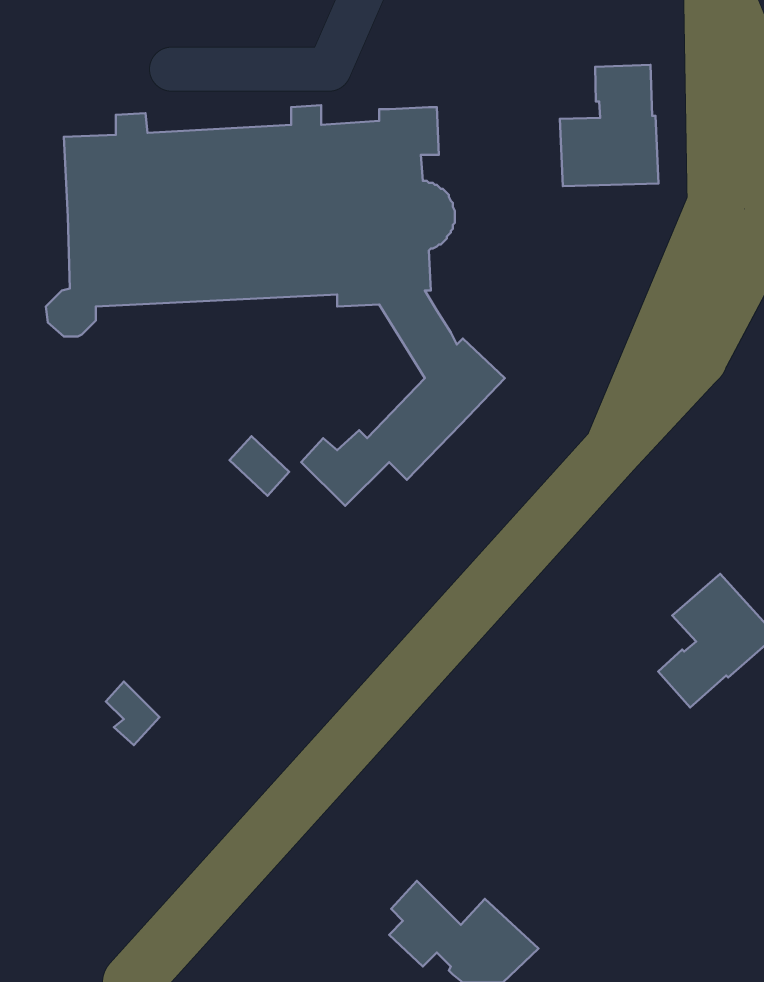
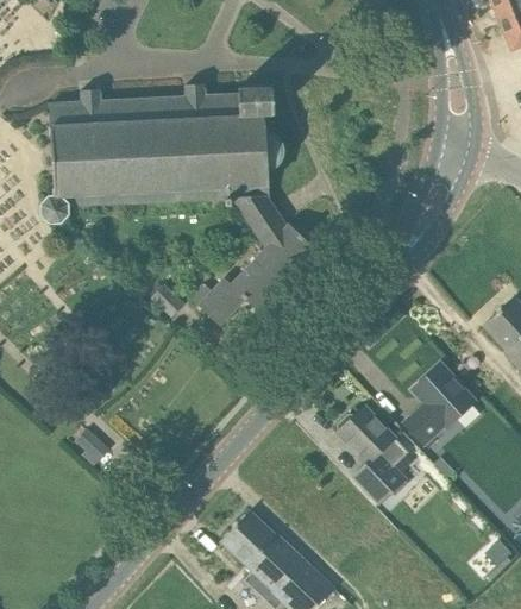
building: [560,65,659,186] -> none
building: none -> [338,406,408,502]
building: none -> [221,511,302,573]

